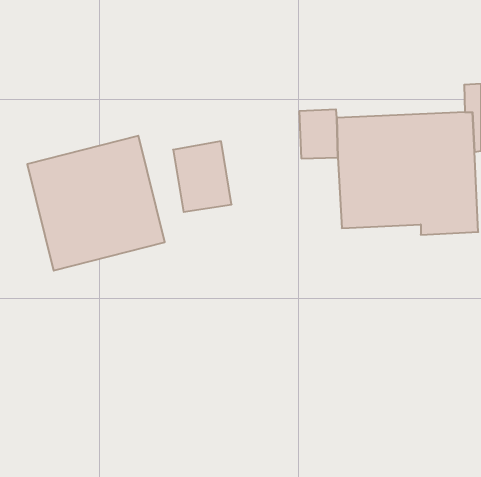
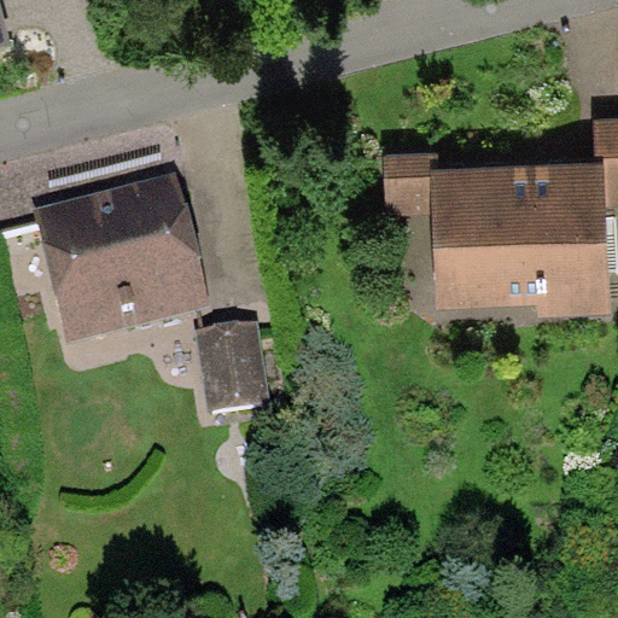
building: [173,141,232,212] -> [197,328,272,419]

